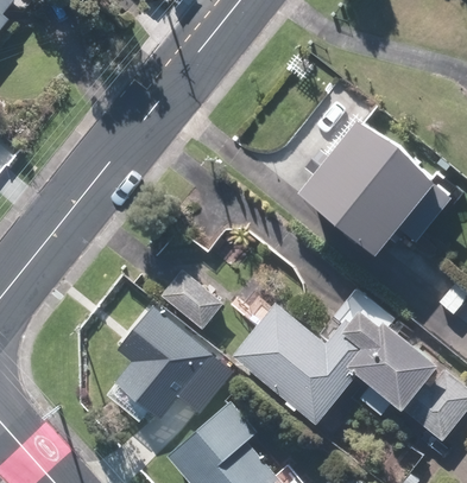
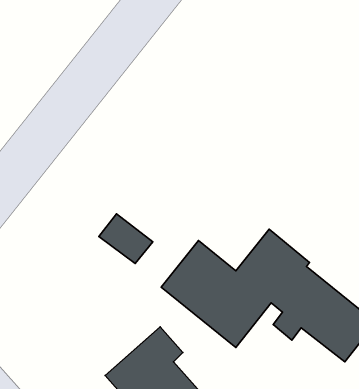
building: [304,119,440,253] -> none
building: [115,307,214,420] -> none

